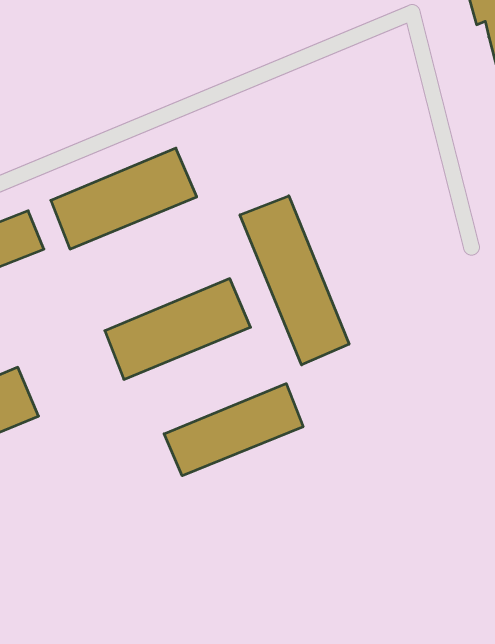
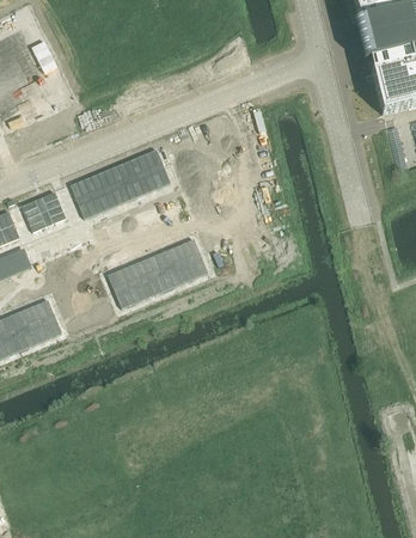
building: [240,196,349,365] -> none
building: [164,384,303,476] -> none

